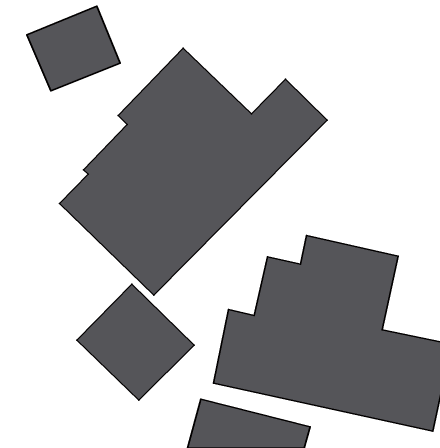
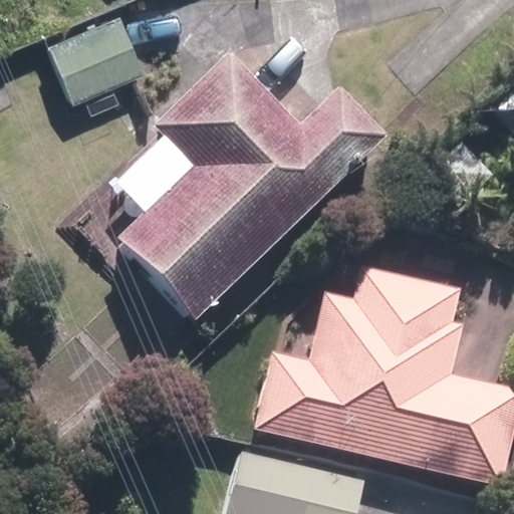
building: [77,284,194,400] -> none

